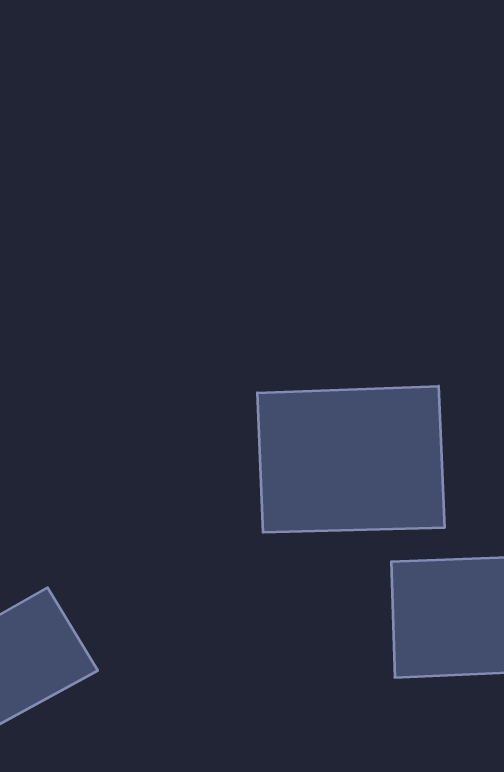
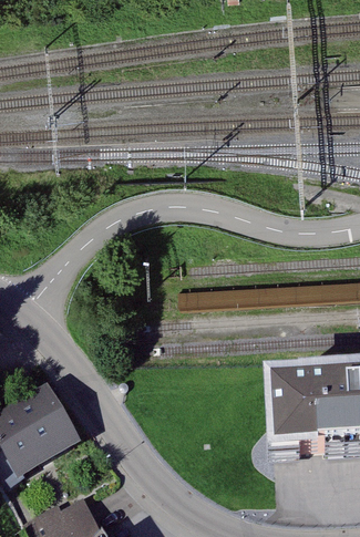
building: [257,386,444,532] -> none

